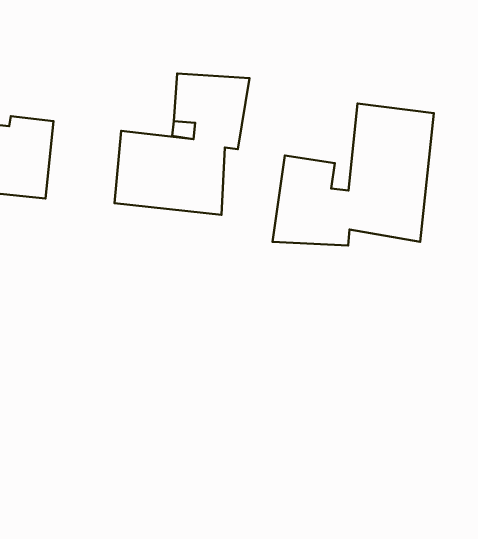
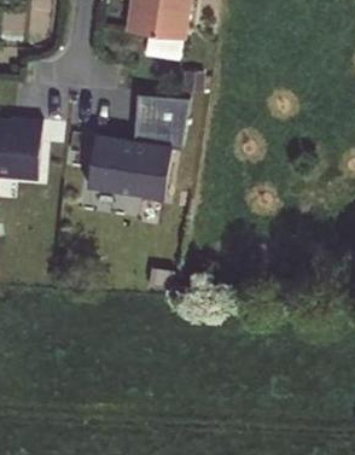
building: [272,103,434,245] -> none

